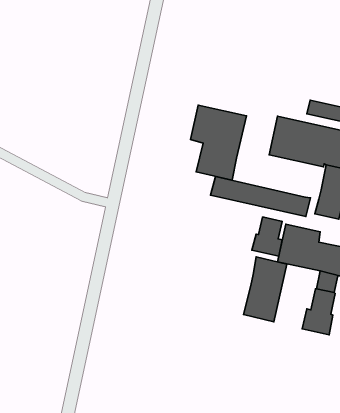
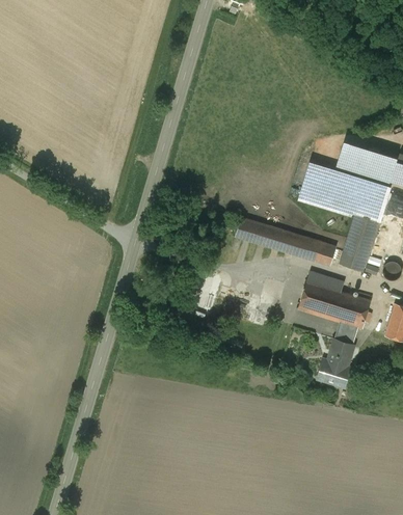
building: [191,105,246,180] -> none
building: [252,217,282,256] -> none
building: [243,257,287,322] -> none

